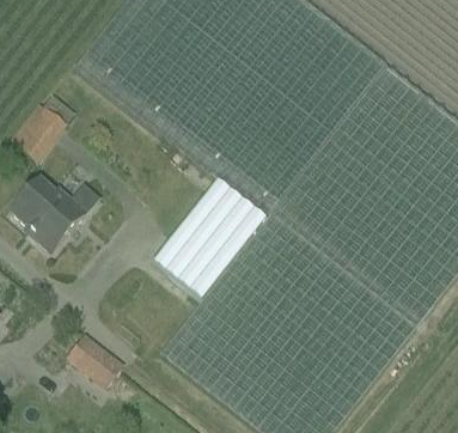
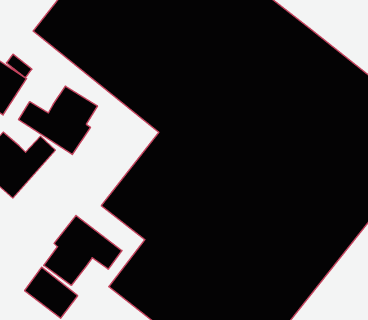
building: none -> [19,86,97,155]
building: none -> [44,215,122,285]

